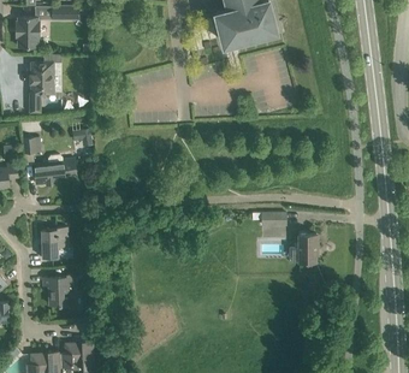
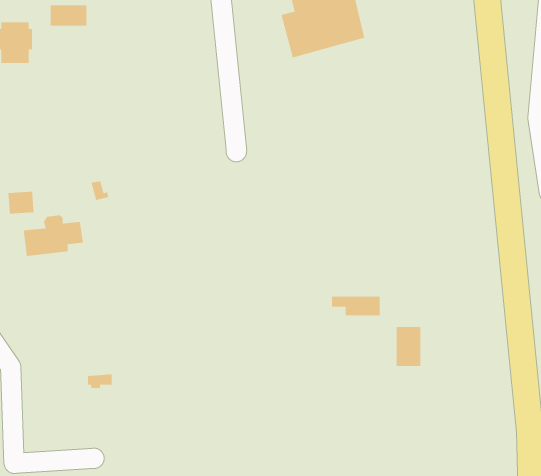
building: [29,55,61,113] -> none
building: [41,227,67,259] -> none
building: [42,276,73,308] -> none

